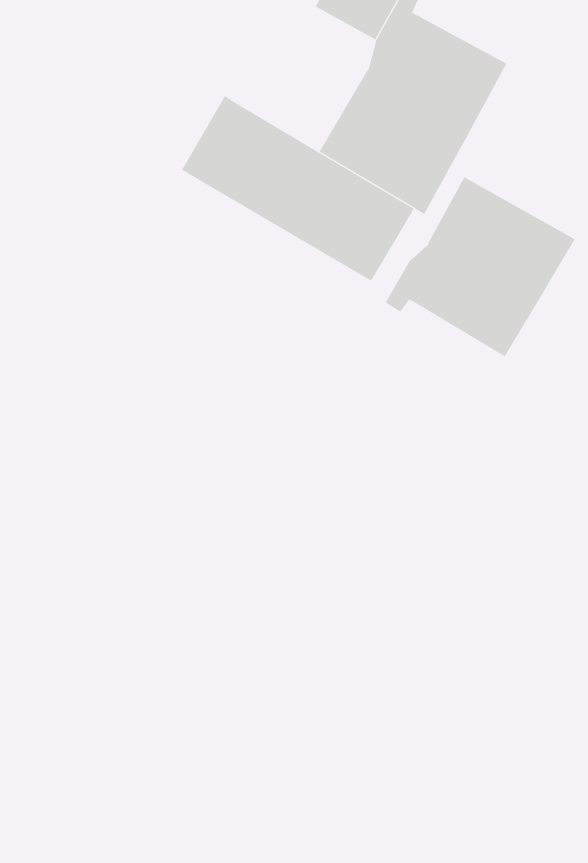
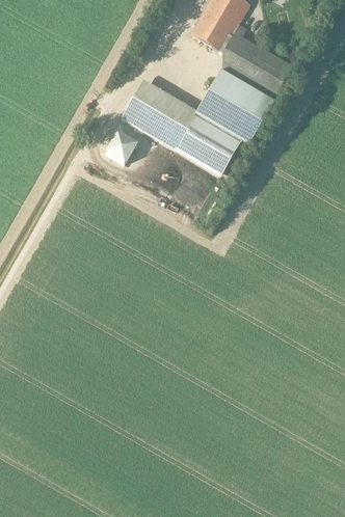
building: [385,176,576,357] -> none
building: none -> [108,134,140,166]

